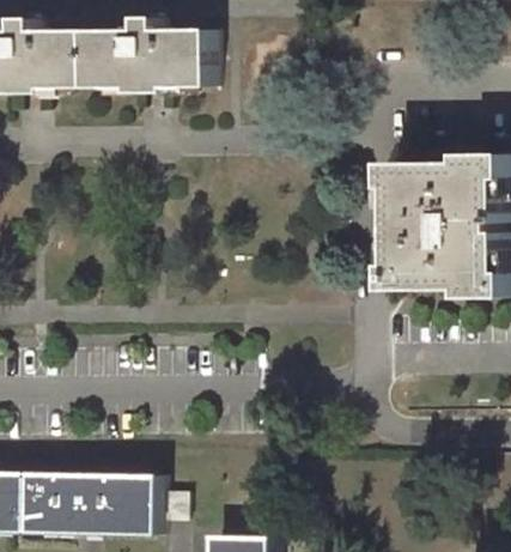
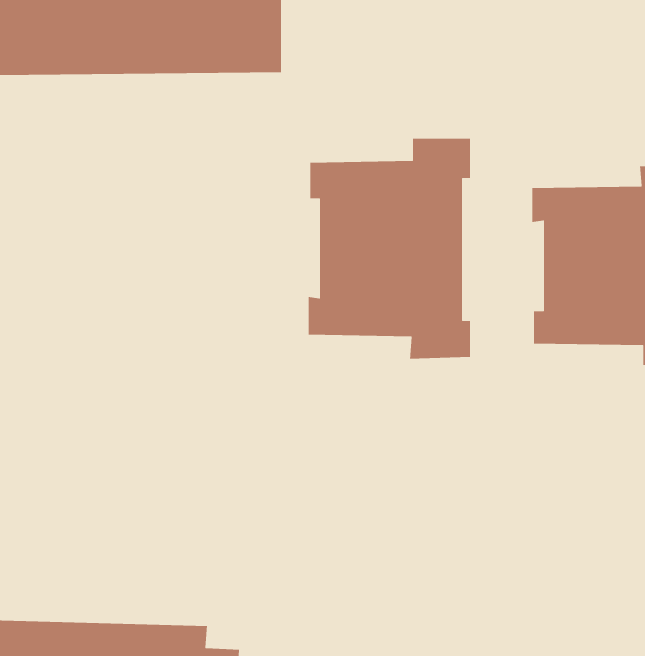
building: none -> [308,138,471,359]

